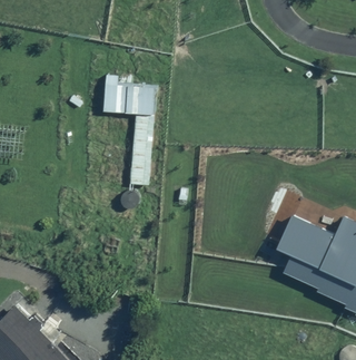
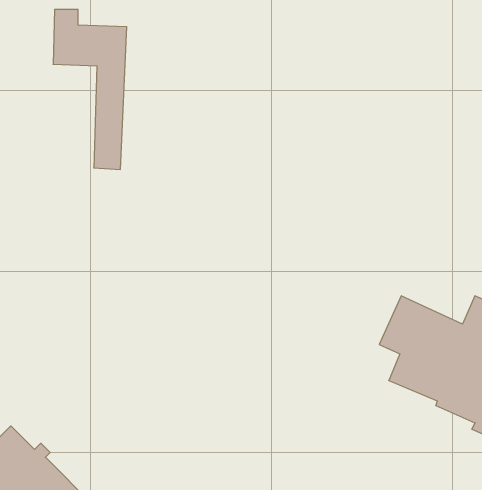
building: [102,72,155,186] -> [53,9,127,169]

